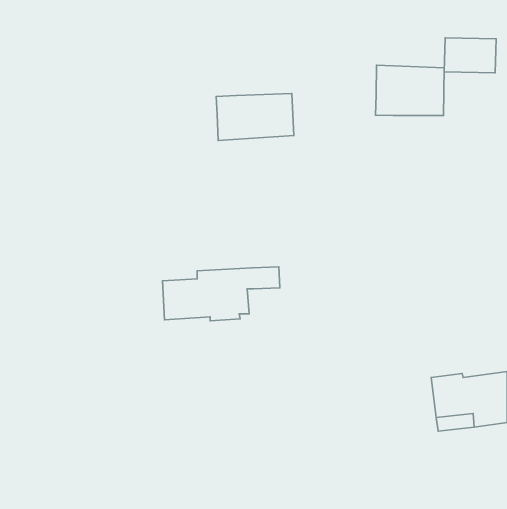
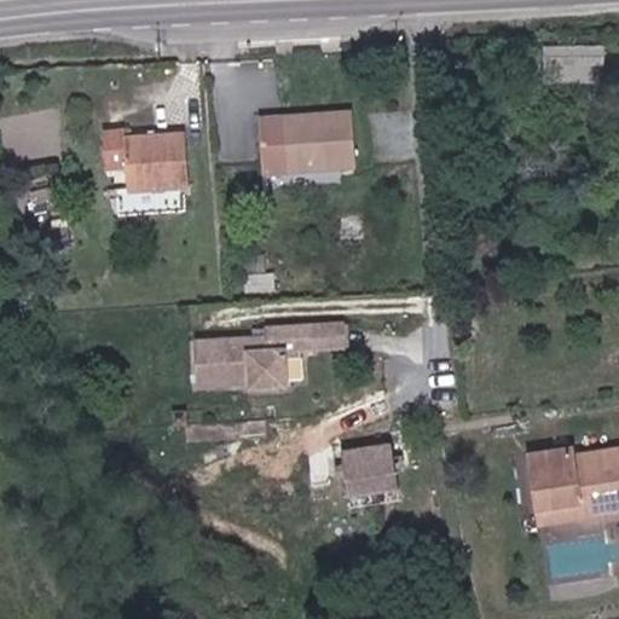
building: [376,65,444,116] -> none
building: none -> [121,128,186,186]
building: none -> [340,447,395,498]

